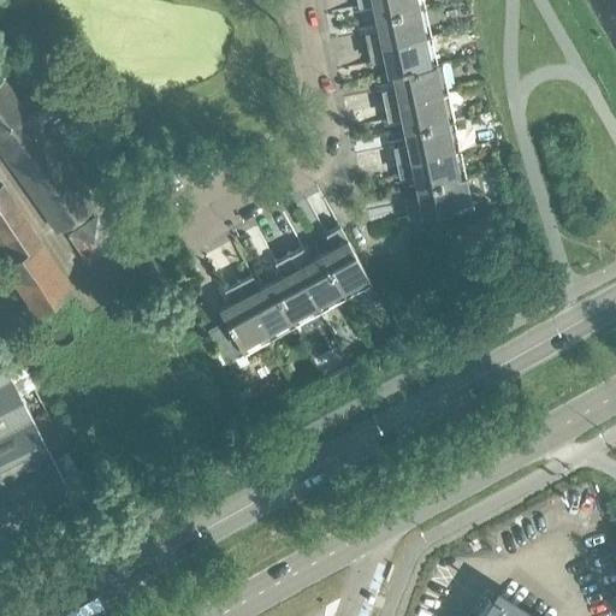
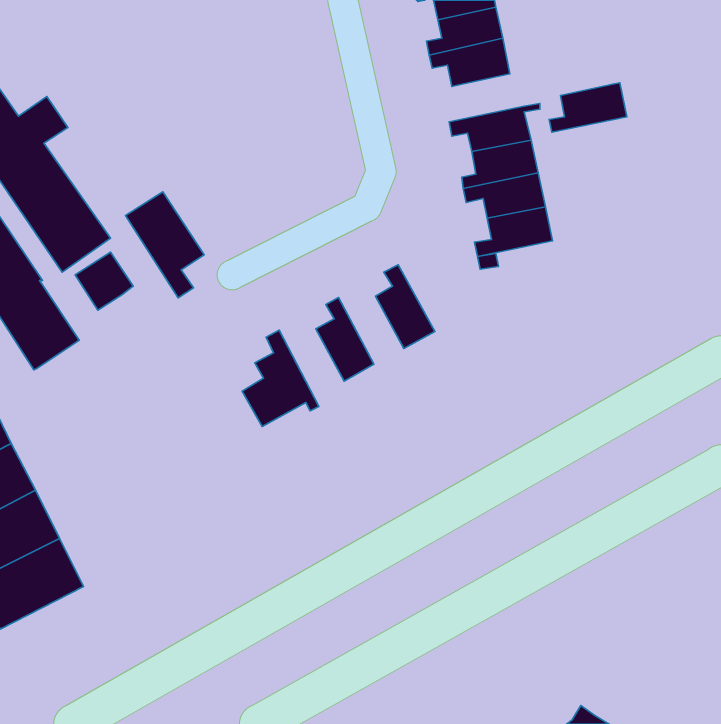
building: [379,61,445,103] -> [549,83,627,132]
building: none -> [126,192,204,298]
building: [288,248,343,309] -> none
building: [237,276,292,338] -> none

